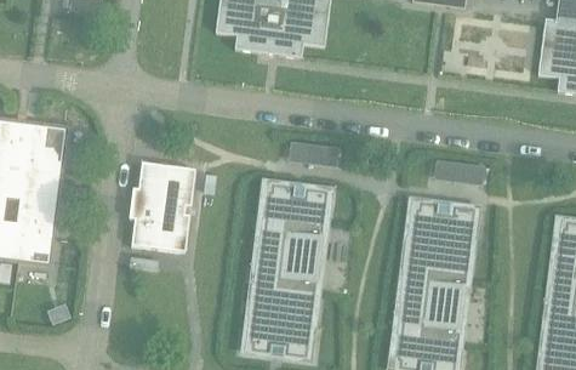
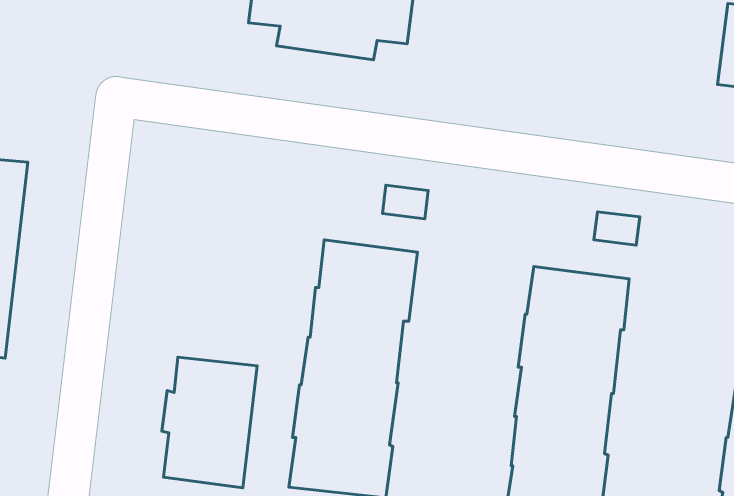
building: [129,161,194,251] -> [162,357,257,488]

